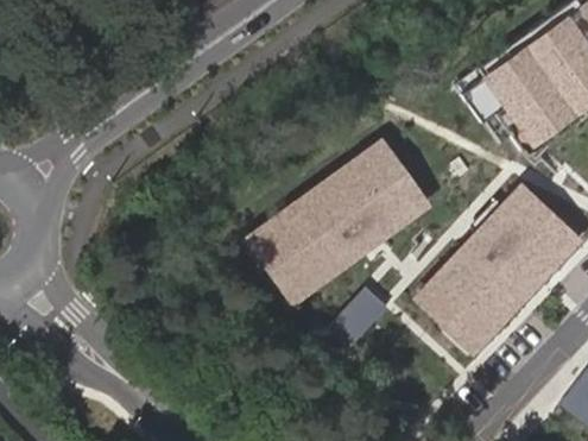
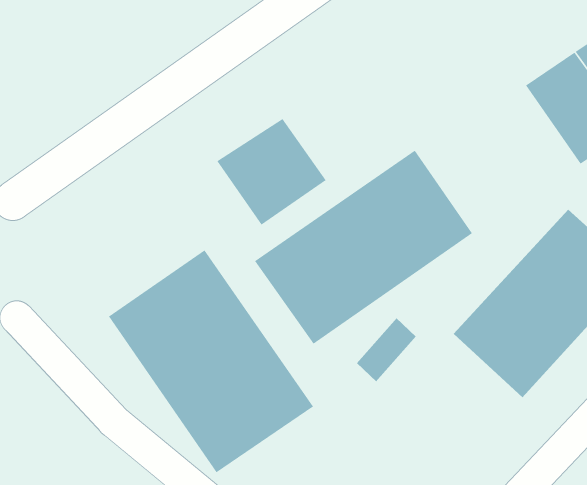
building: none -> [216,118,326,225]
building: none -> [108,249,314,473]

